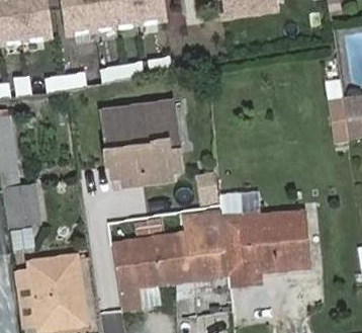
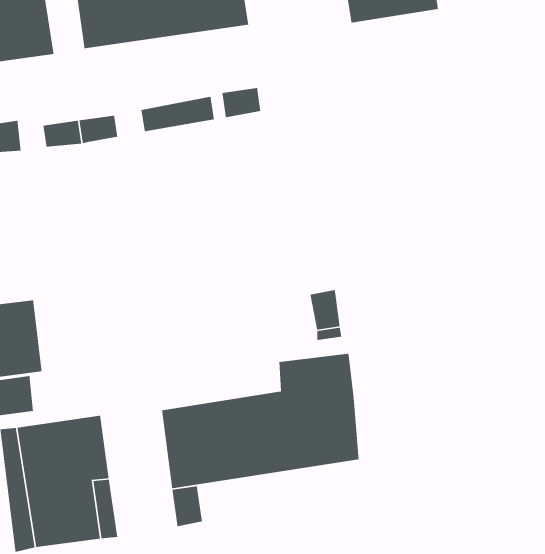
building: [109,100,183,189] -> none
building: [227,205,309,273] -> none

